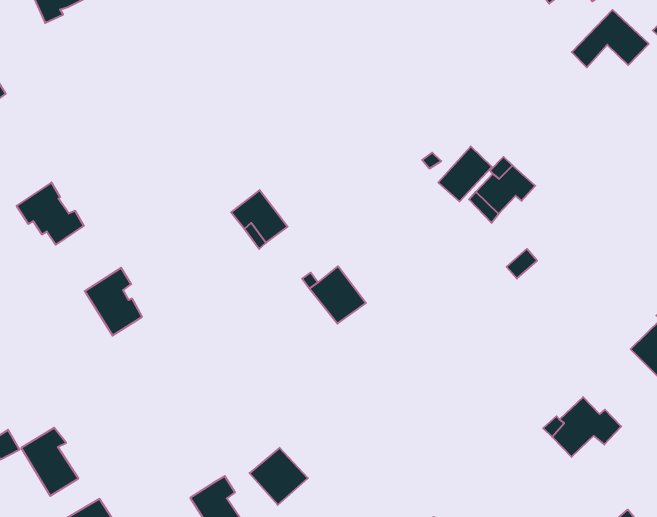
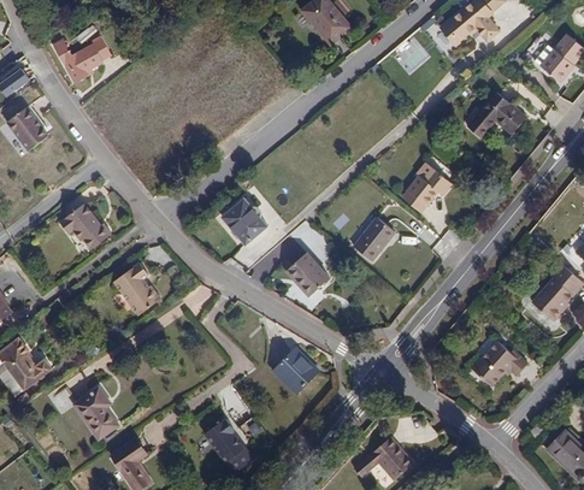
building: [572,10,649,67] -> [468,91,526,136]
building: [438,146,492,201] -> [354,217,394,259]
building: [249,448,308,505] -> [275,348,319,391]

